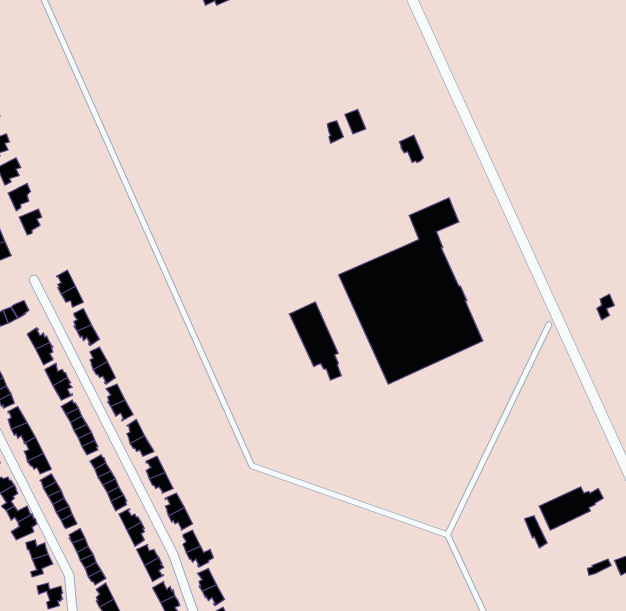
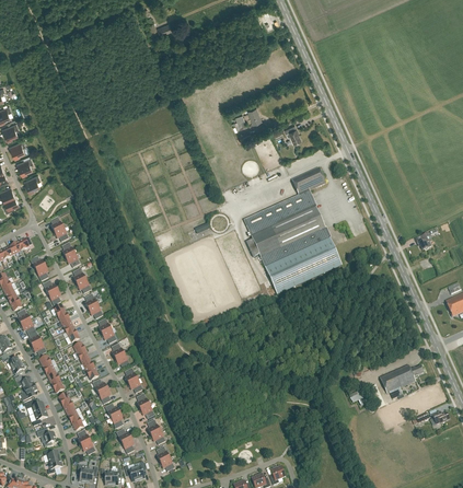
building: [289,302,341,380] -> none

